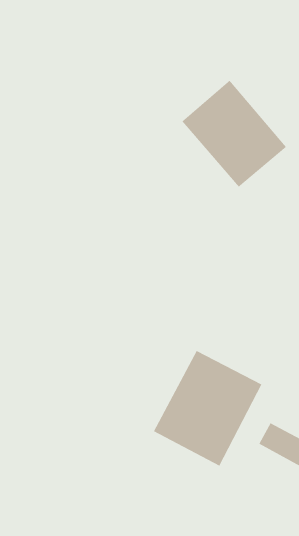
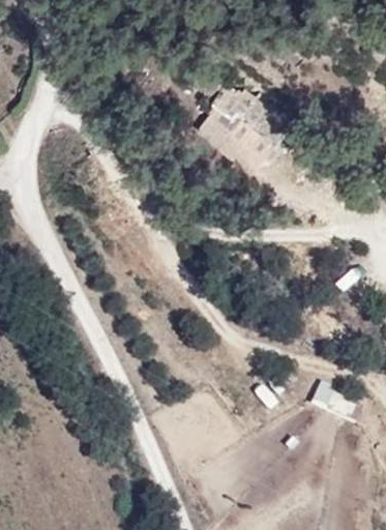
building: [153,350,262,467] -> none

